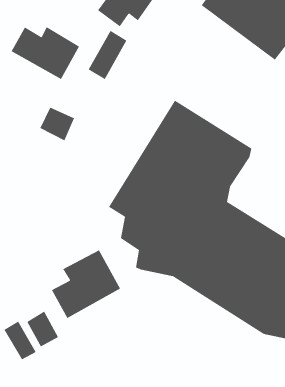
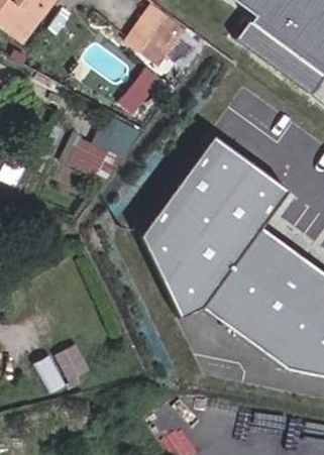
building: [11,26,80,80] -> none
building: [51,250,121,319] -> none

